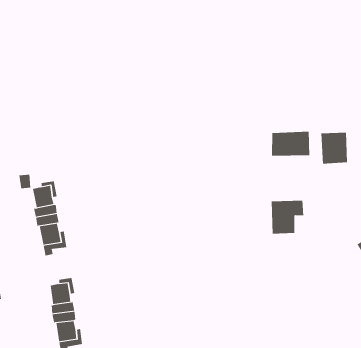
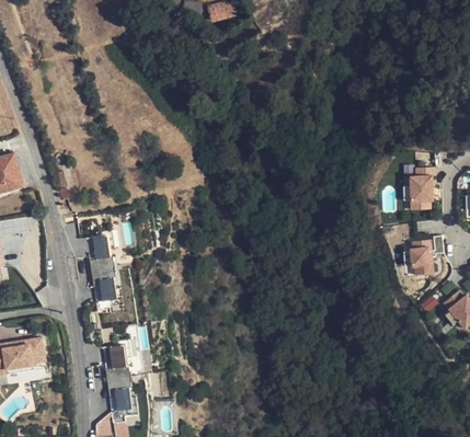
building: [272,131,310,156] -> none
building: [271,200,304,234] -> [408,234,445,273]

